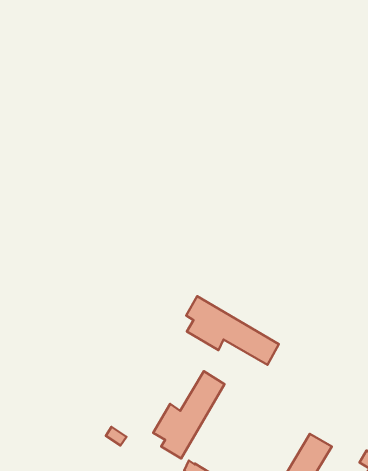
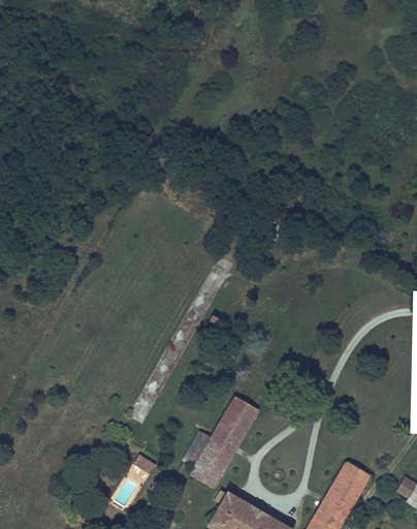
building: [186,296,279,365] -> none

